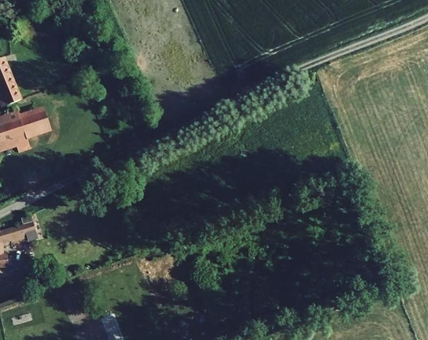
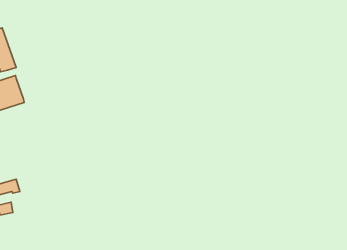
building: [22,107,54,138] -> none

